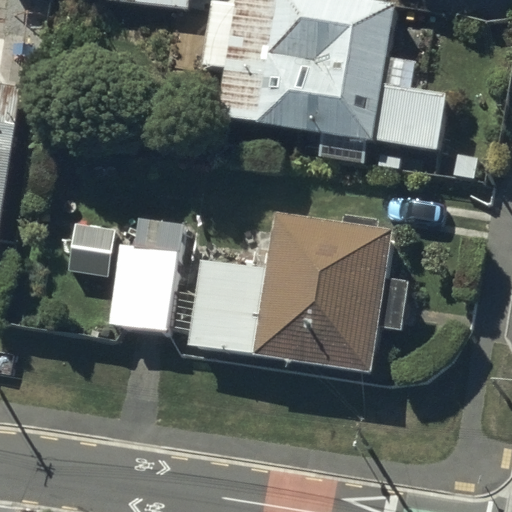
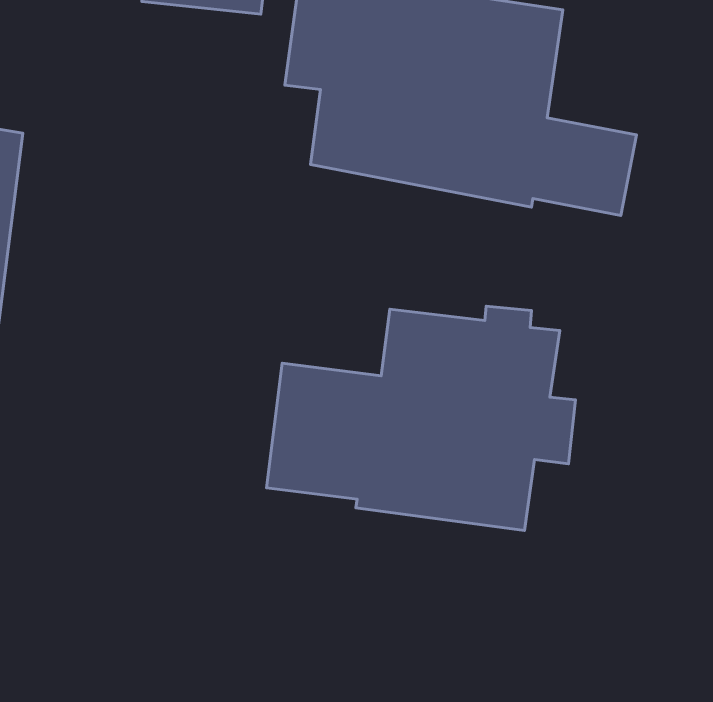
building: [105,212,179,338] -> none

